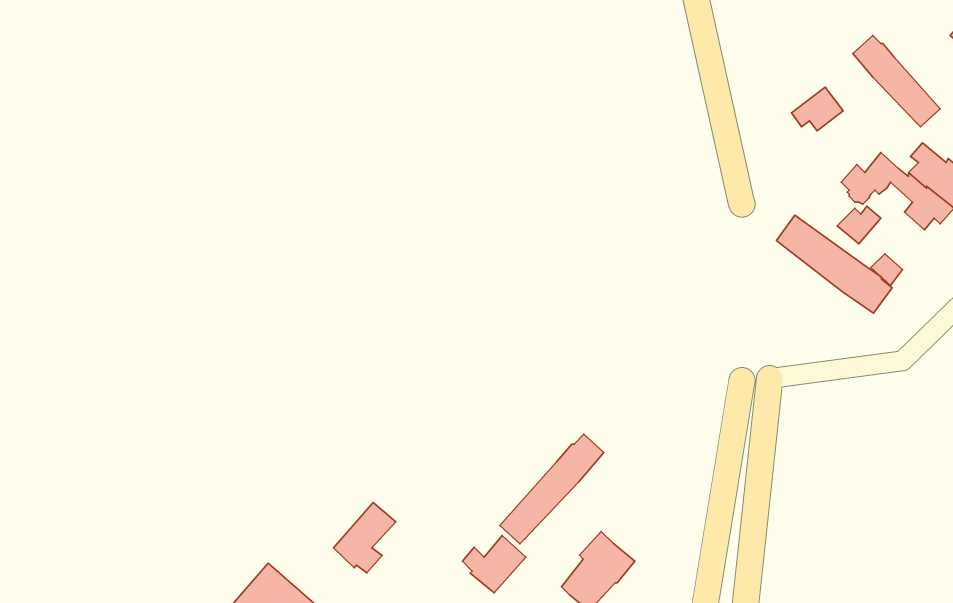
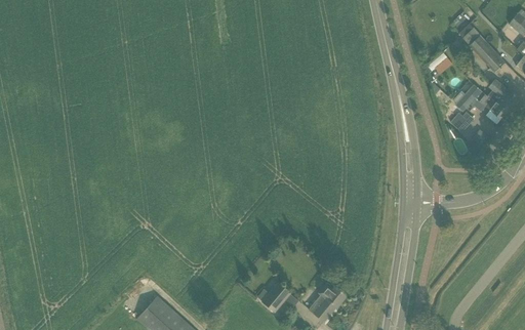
building: [776,215,892,313] -> none
building: [500,434,604,544] -> none
building: [333,503,396,573] -> none

